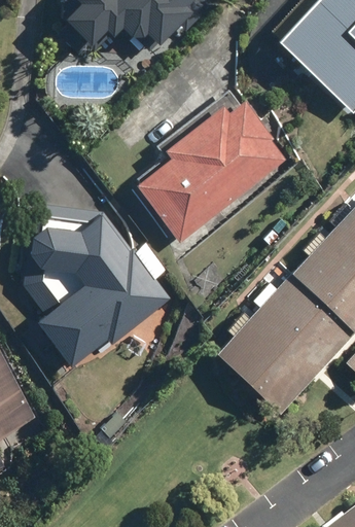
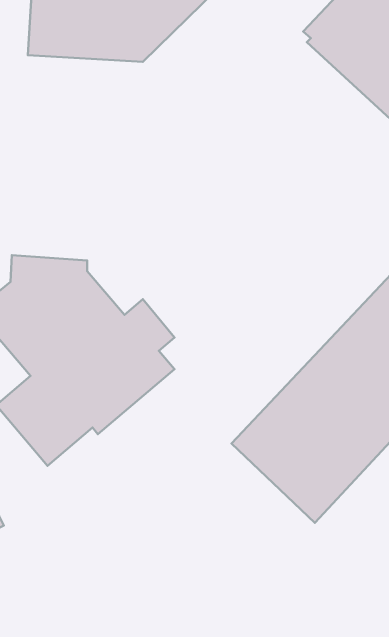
building: [133,99,289,244] -> none

